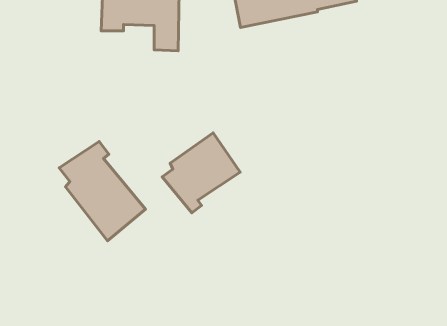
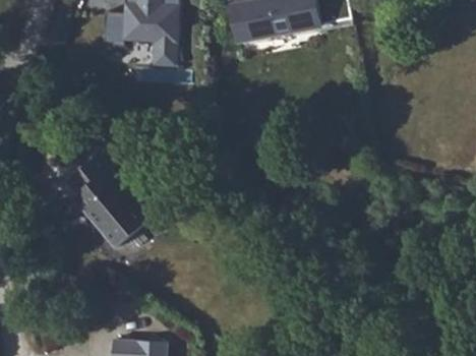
building: [162,133,240,213] -> none

